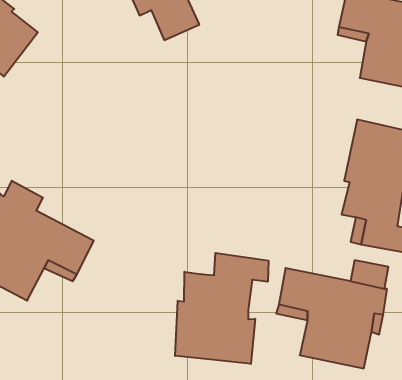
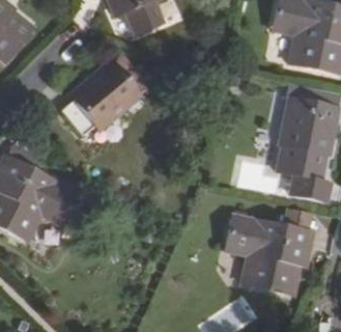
building: none -> [59,55,146,136]
building: [175,253,268,364] -> none

